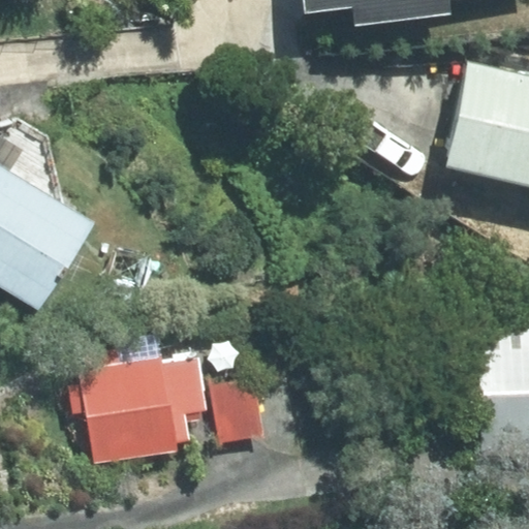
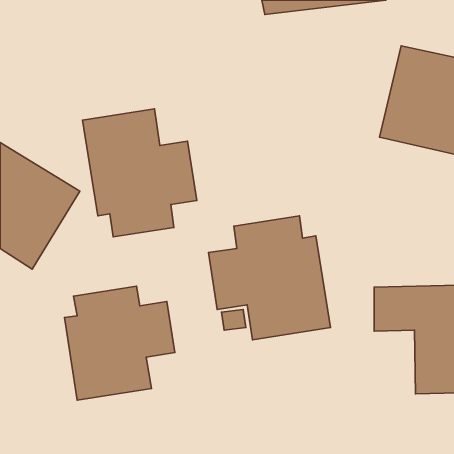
building: none -> [83,109,197,237]
building: none -> [208,216,330,340]

